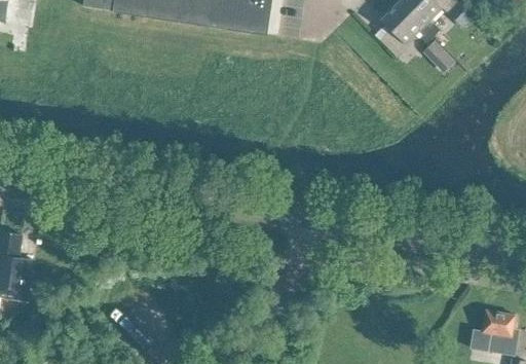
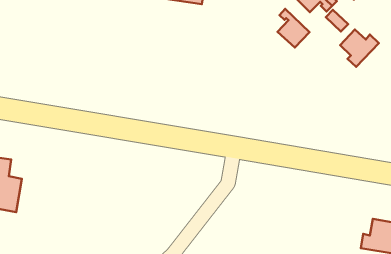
building: none -> [277,9,309,47]
building: none -> [340,29,379,67]

